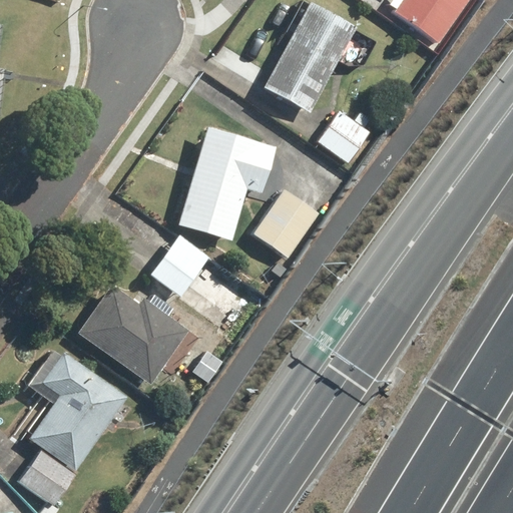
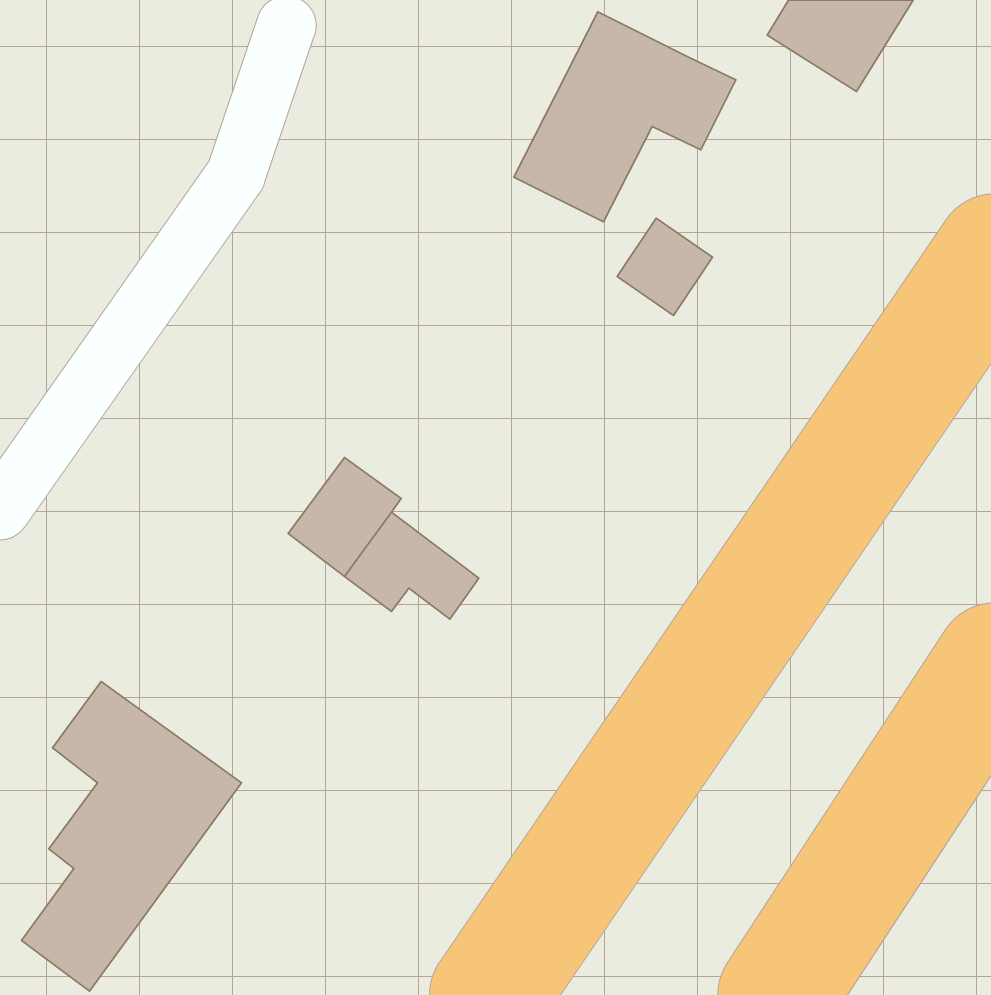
building: [177,125,274,237] -> none
building: [254,189,319,255] -> none
building: [76,282,183,382] -> none

